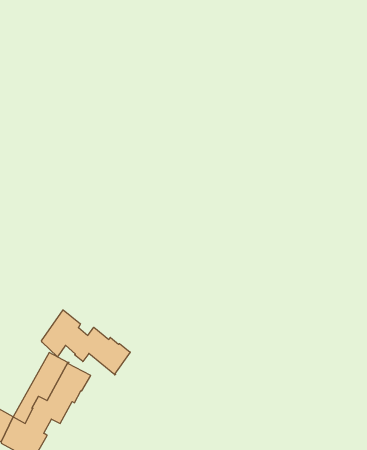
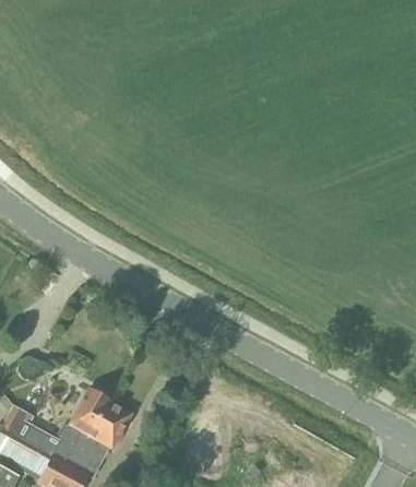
building: [41,310,130,375] -> none

